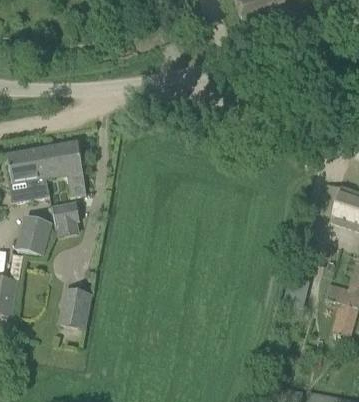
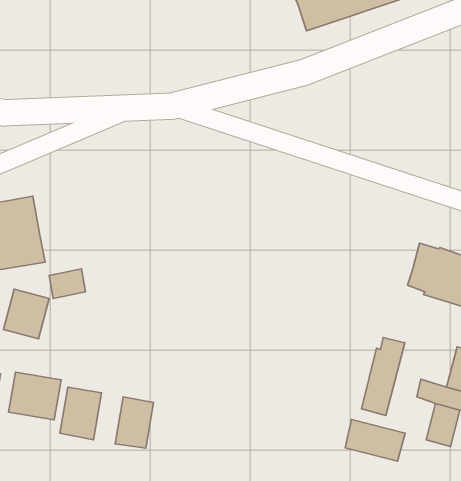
building: [39,140,86,195] -> none
building: none -> [9,372,61,420]
building: none -> [115,397,154,448]
building: none -> [345,419,405,461]

